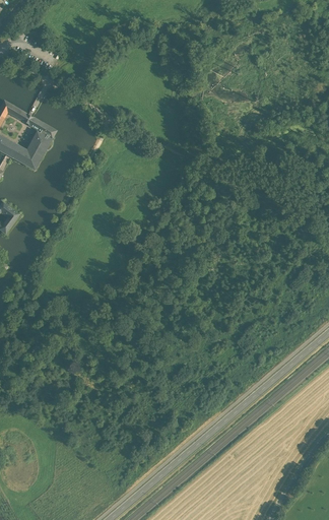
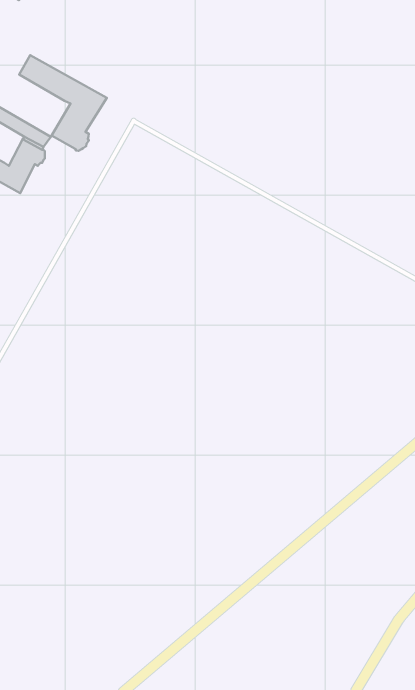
building: none -> [19,55,107,151]

